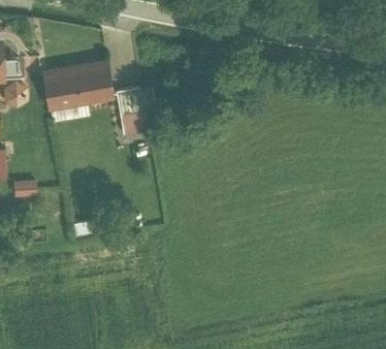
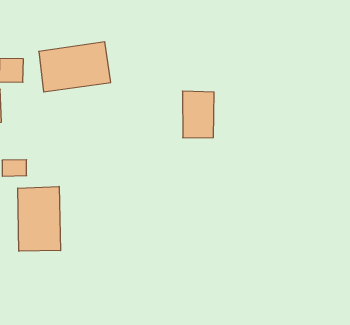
building: [119,87,152,133] -> [182,91,214,138]
building: none -> [18,186,61,251]

